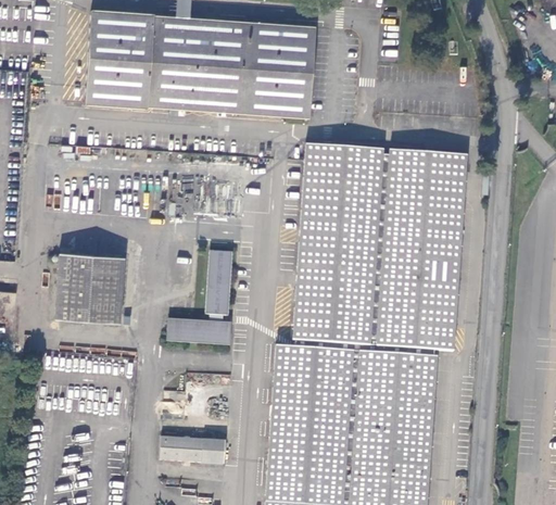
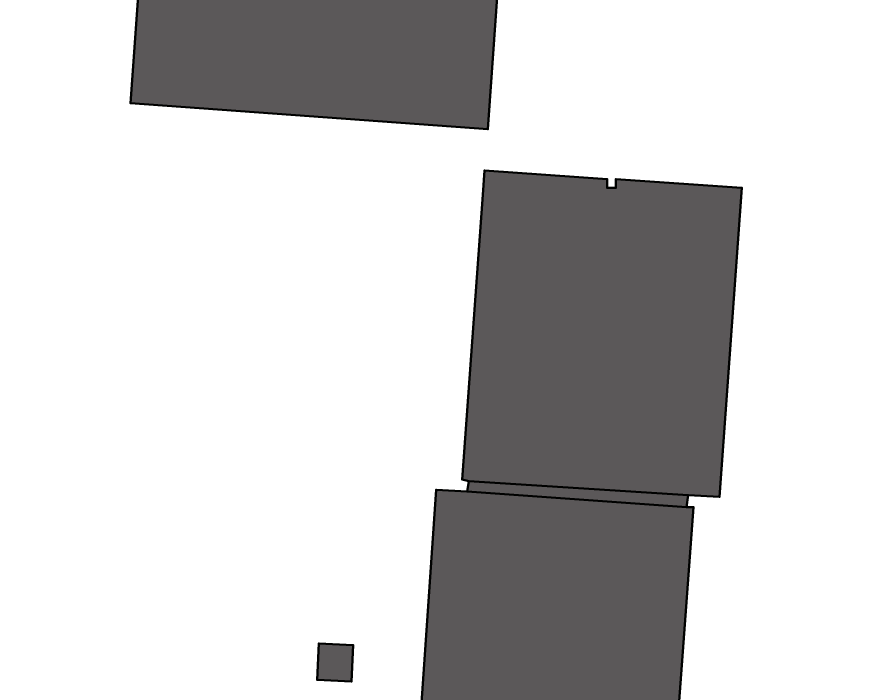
building: [168,250,232,343] -> none
building: [53,255,123,325] -> none
building: [159,438,202,464] -> none

